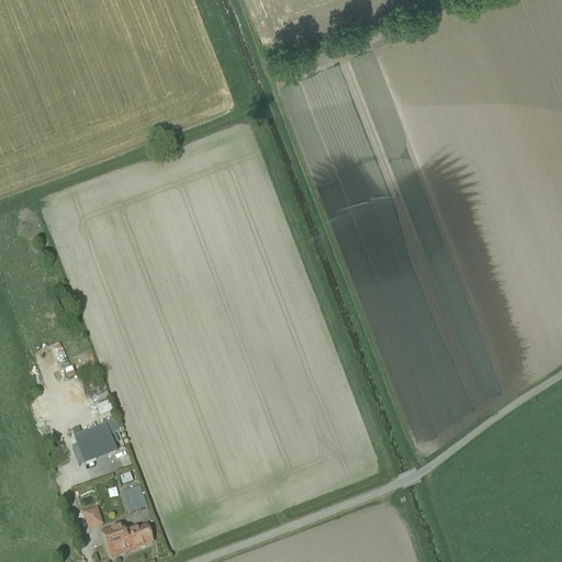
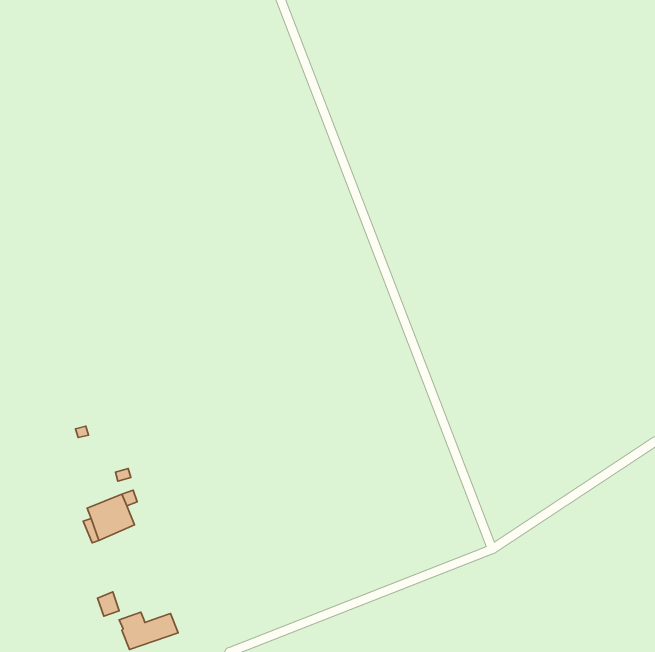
building: [122,484,147,512] -> none

